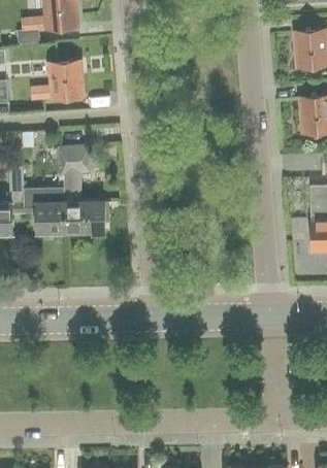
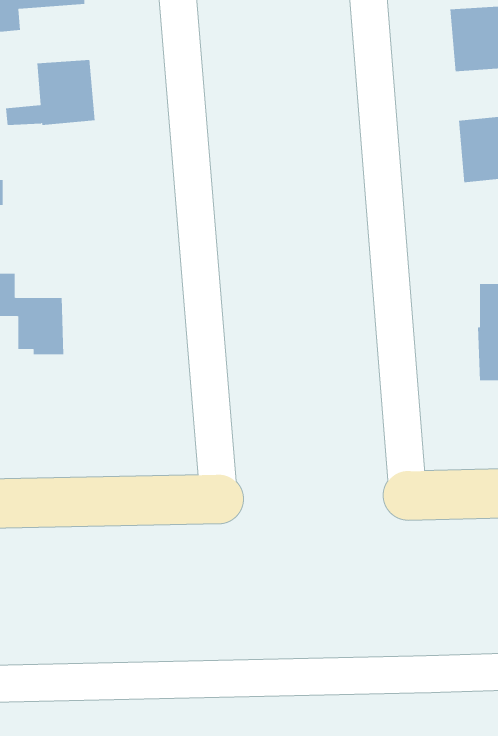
building: [58,145,105,236] -> none

